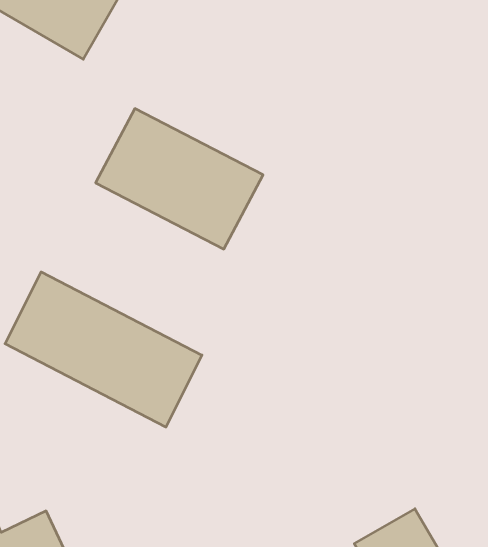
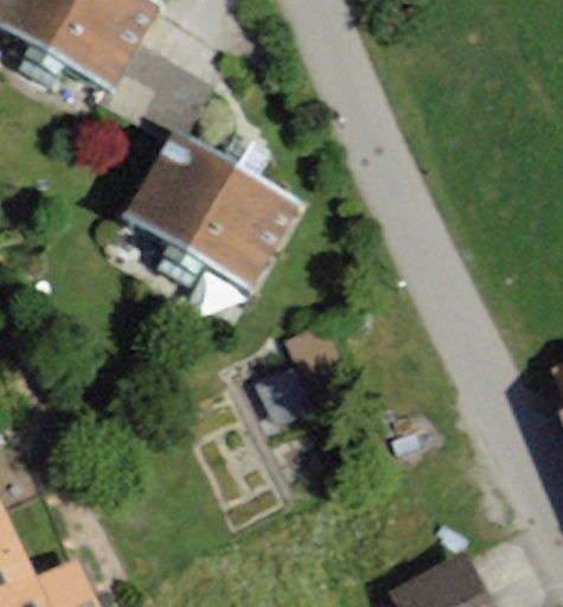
building: [5,272,202,427] -> none

